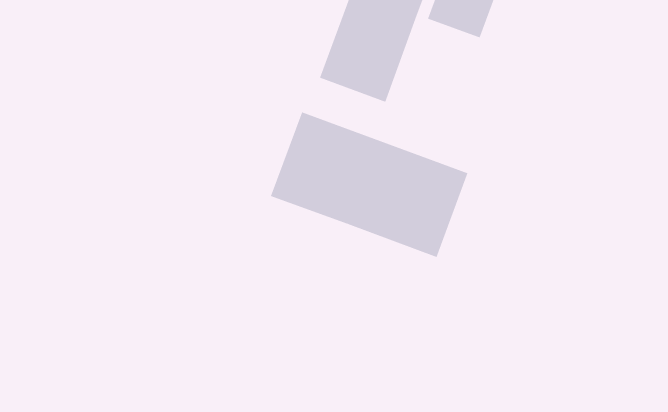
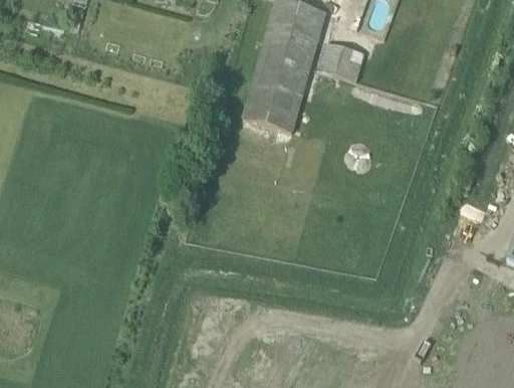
building: [270,111,468,258] -> none

